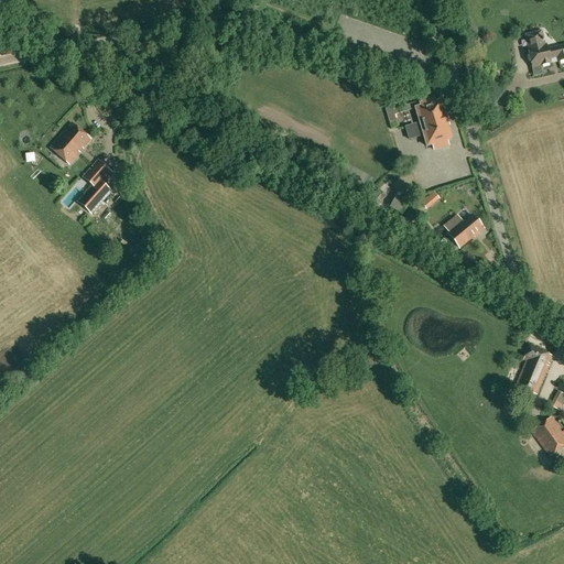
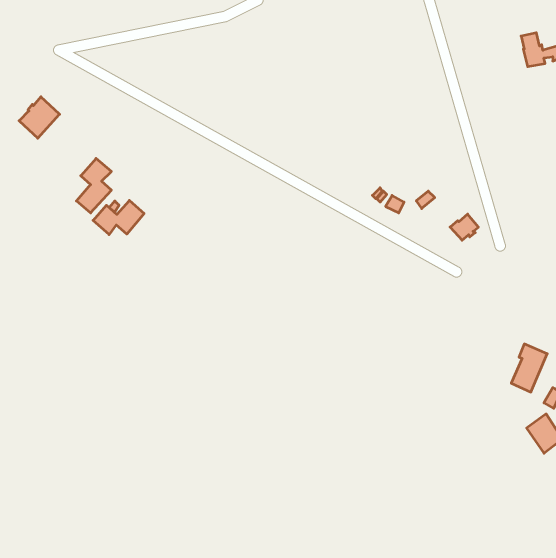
building: [388,98,454,151] -> none
building: [52,123,93,165] -> [19,97,60,138]
building: none -> [93,200,144,235]

